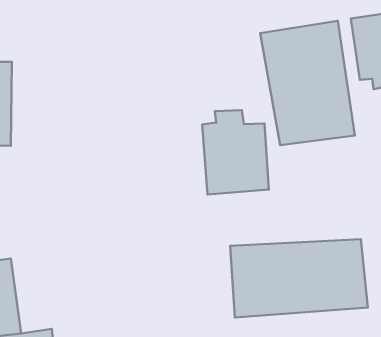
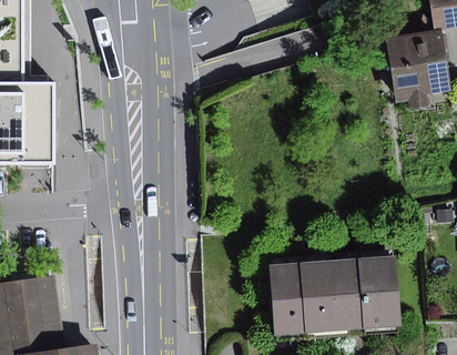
building: [260,21,355,145] -> none
building: [202,110,269,194] -> none

